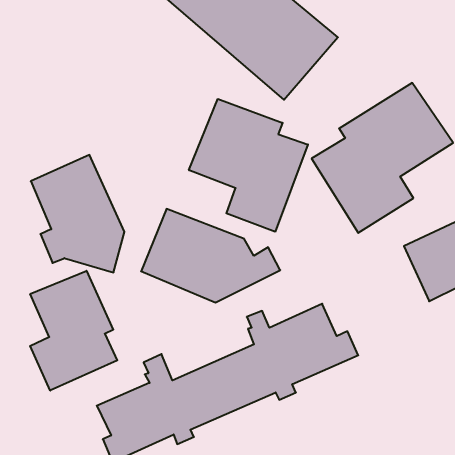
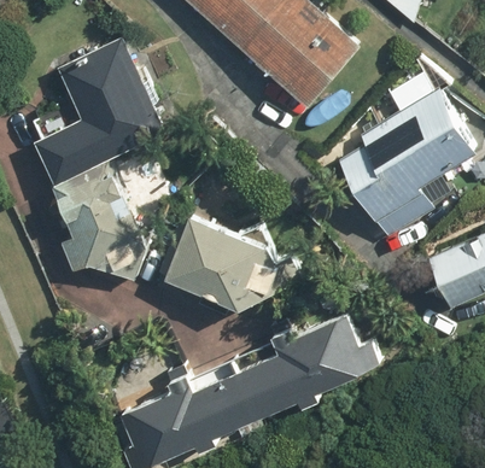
building: none -> [35,37,168,186]
building: [189,99,308,232] -> none
building: [30,271,117,391] -> none

